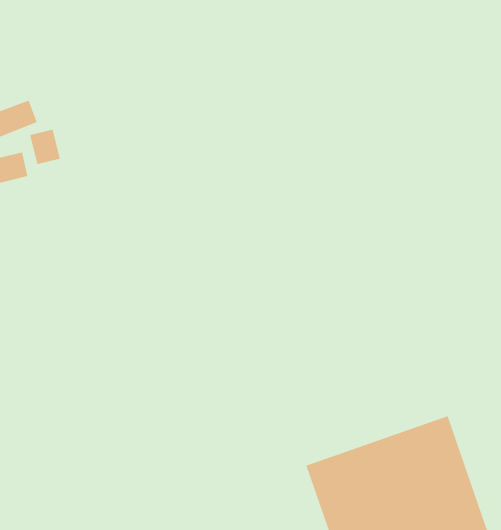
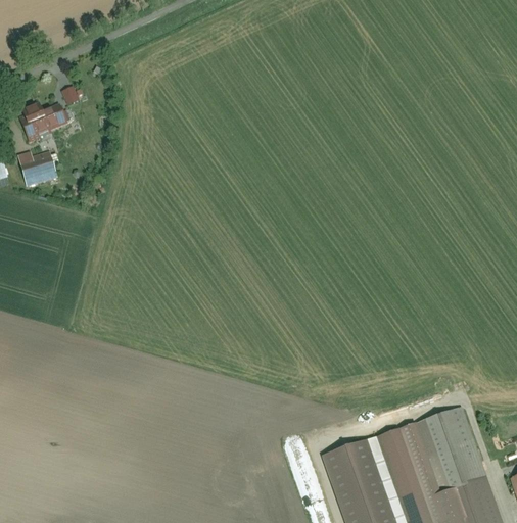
building: [29,129,61,165] -> none

